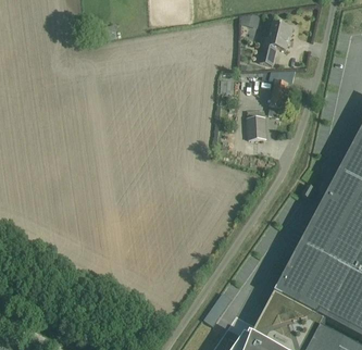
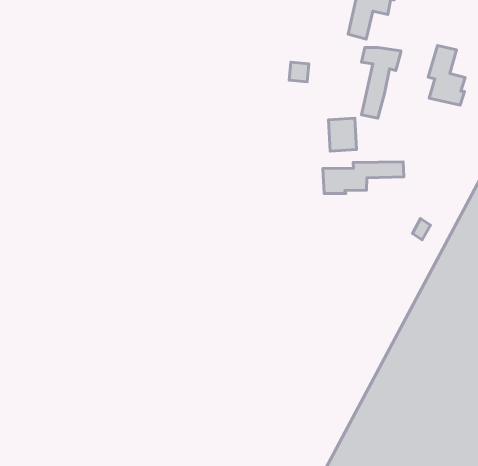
building: none -> [428,45,465,105]
building: none -> [323,162,404,193]

